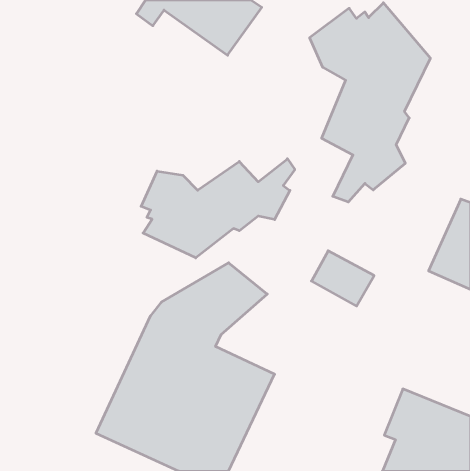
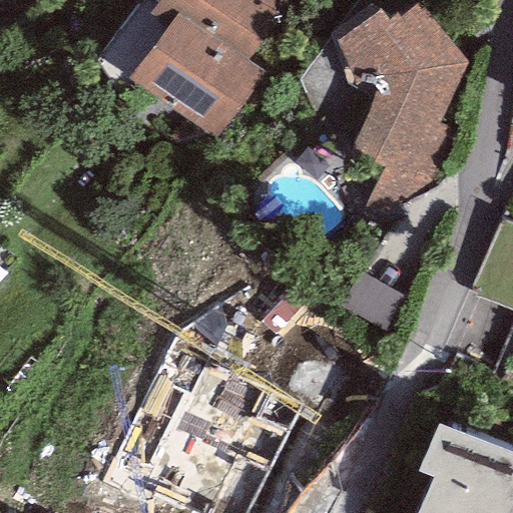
building: none -> [129,11,264,140]
building: [141,159,295,258] -> none

